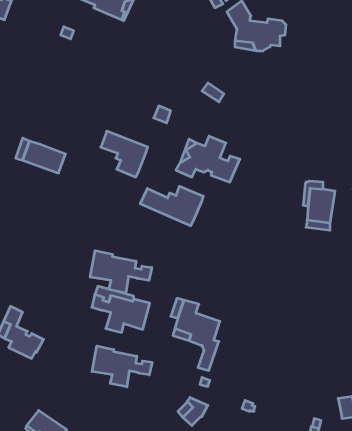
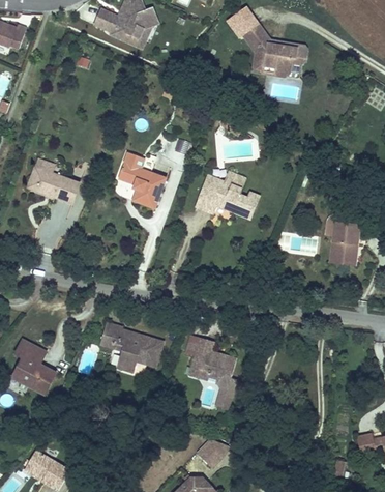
building: [140,186,203,226] -> none
building: [90,251,152,293] -> none
building: [92,346,152,387] -> none

